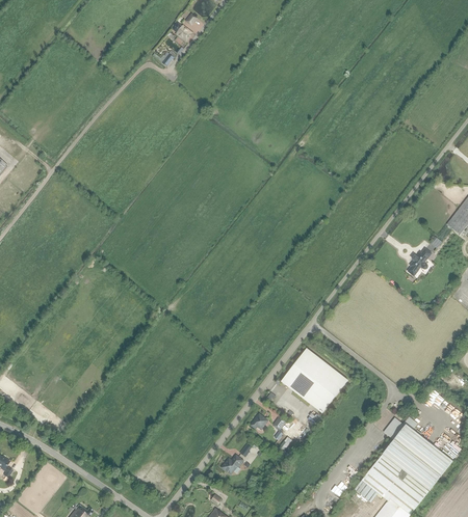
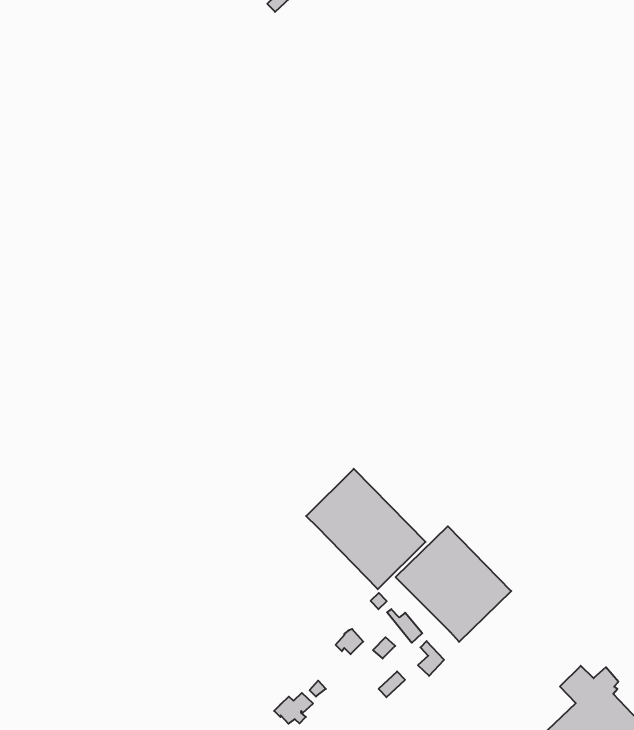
building: none -> [306,469,426,589]

